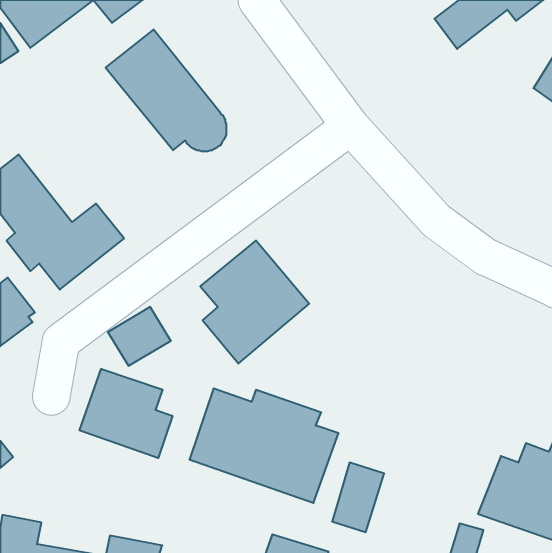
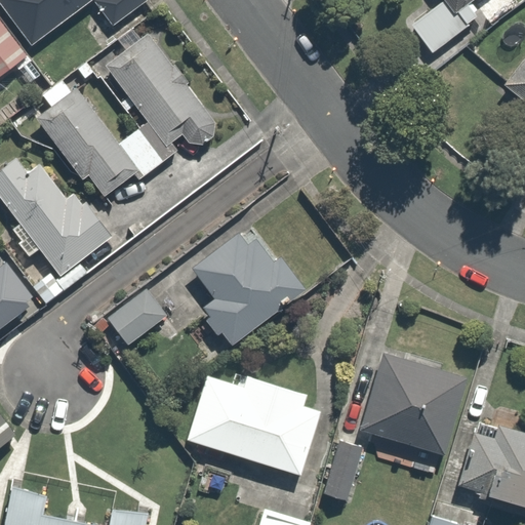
building: none -> [39,75,163,198]
building: [80,369,172,458] -> none
building: none -> [354,351,463,457]

